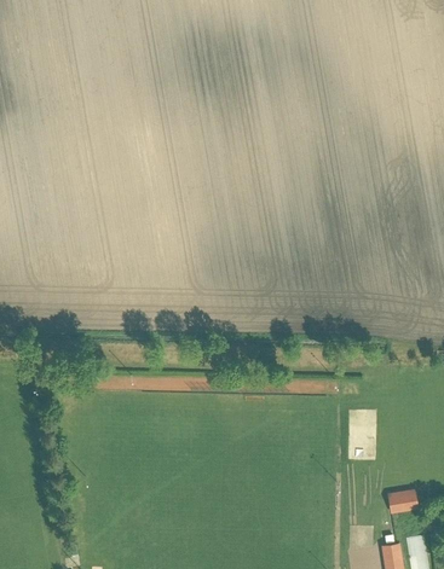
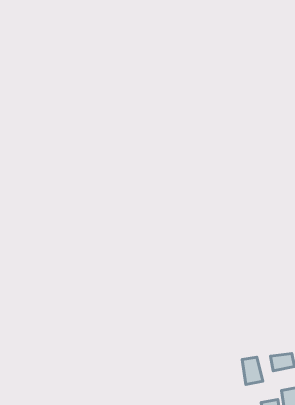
building: none -> [242,357,263,384]

